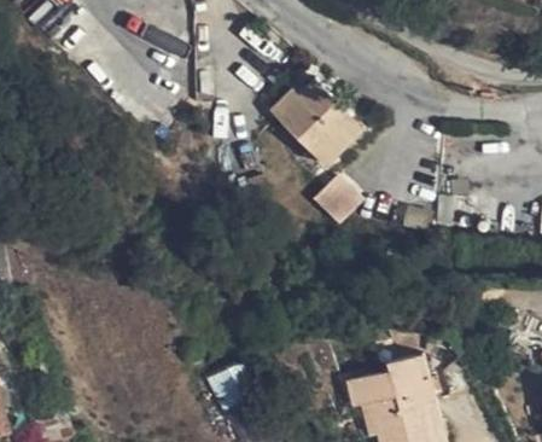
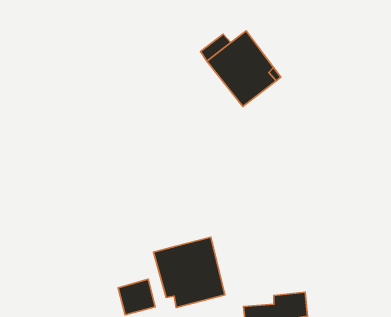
building: [311,174,360,221] -> none
building: none -> [153,237,225,307]

